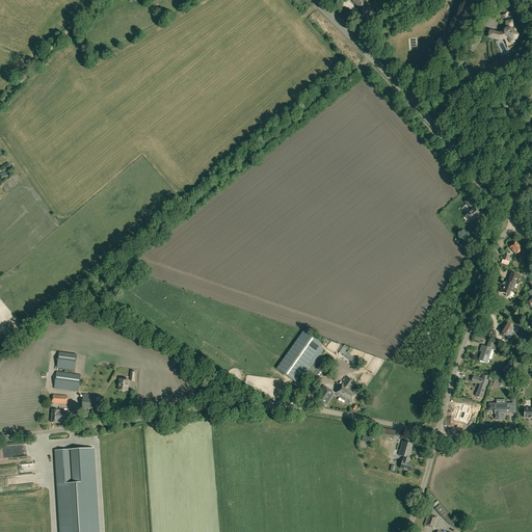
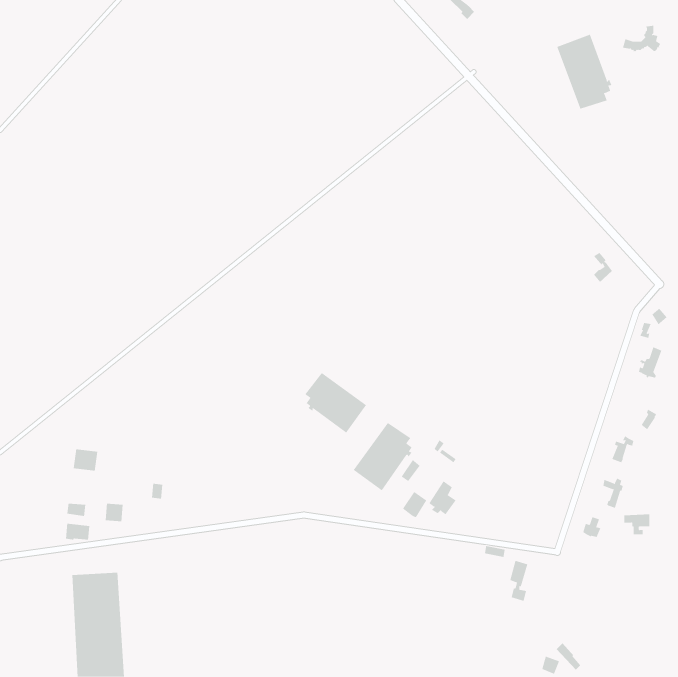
building: none -> [557,34,612,110]
building: none -> [305,372,367,434]
building: [54,371,81,391] -> none

